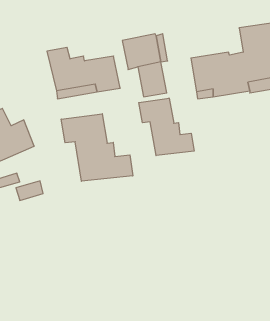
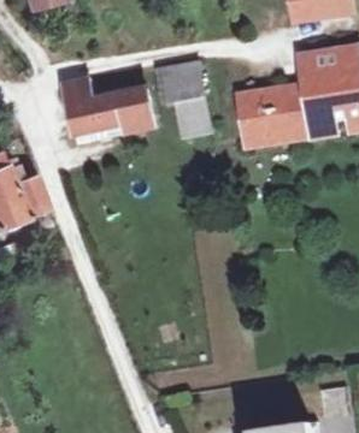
building: [139,98,194,156] -> none
building: [61,114,133,181] -> none

